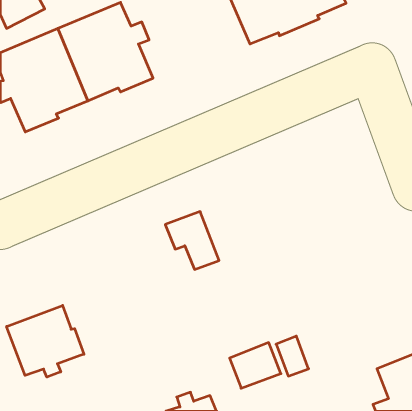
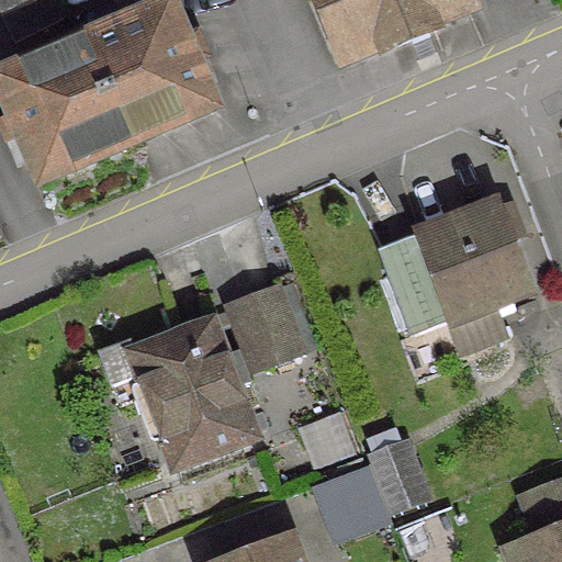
building: none -> [394,204,527,330]
building: none -> [100,321,255,465]
building: [7,305,84,377] -> none

